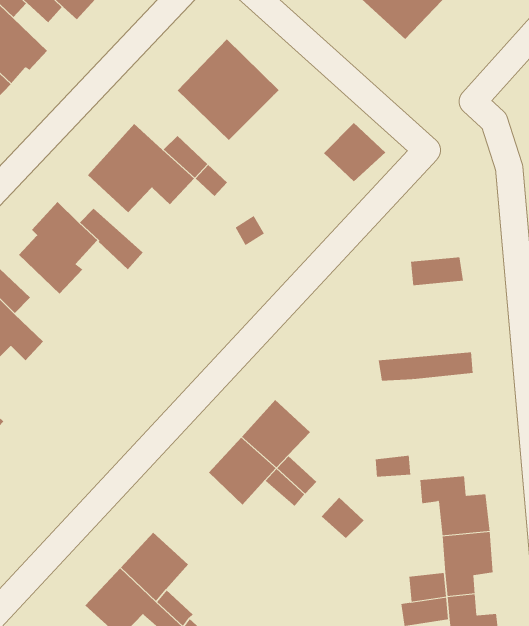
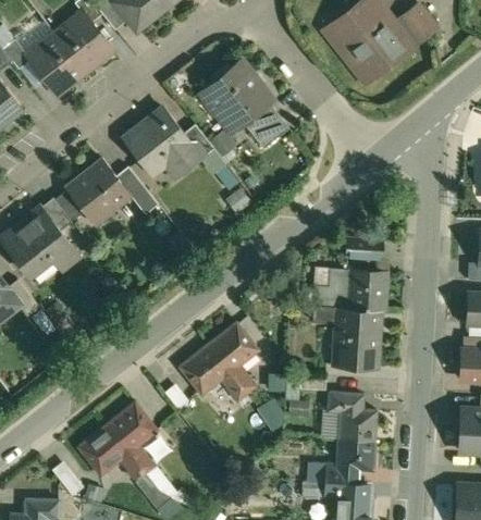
building: [323,122,386,182] -> [244,106,288,148]
building: none -> [313,267,386,309]
building: none -> [334,322,380,366]

